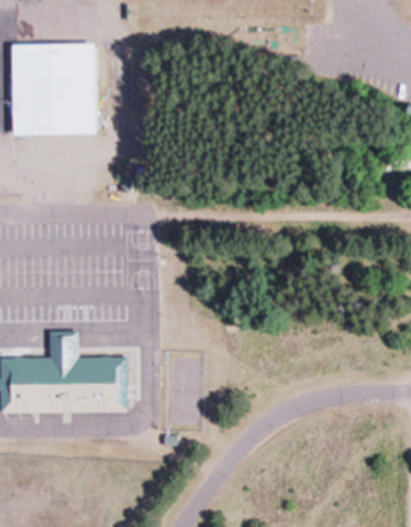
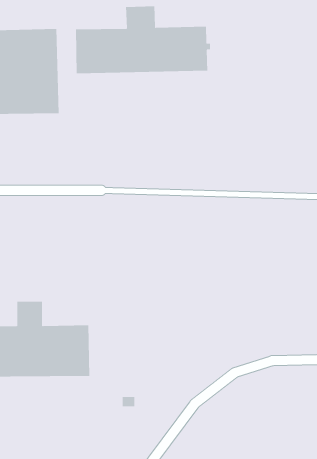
building: none -> [76,5,211,74]

